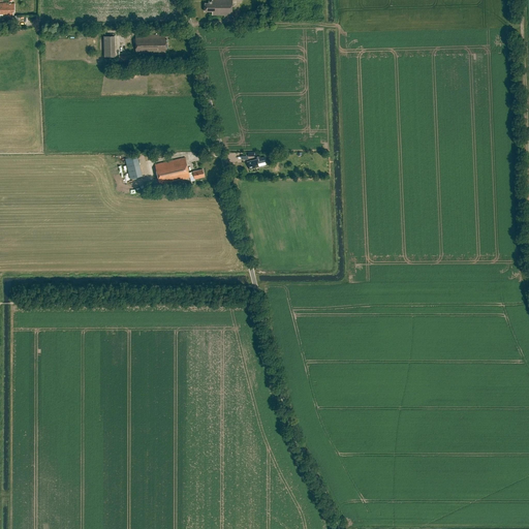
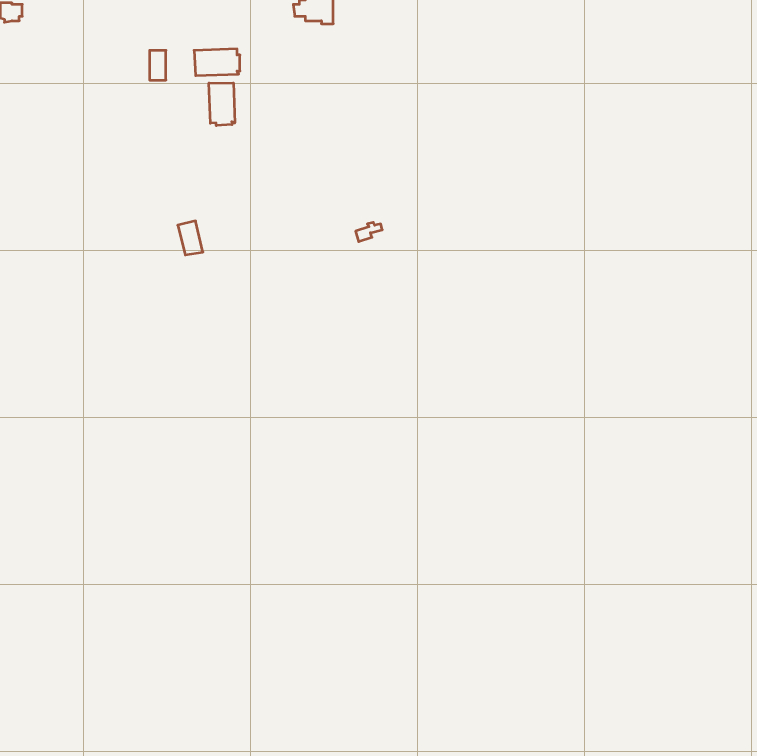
building: none -> [209,83,235,126]
building: [155,157,205,188] -> none

